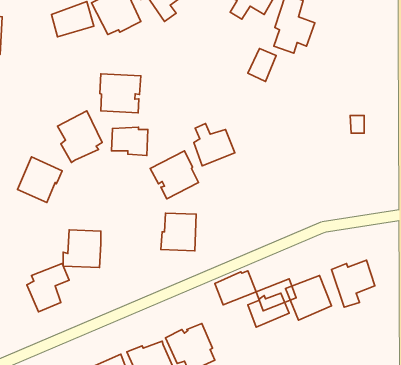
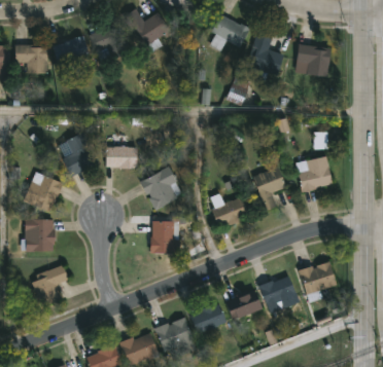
building: none -> [295,43,330,76]
building: none -> [14,45,48,73]
building: [100,74,141,113] -> none
building: [194,124,235,166] -> [210,193,246,230]
building: none -> [298,155,334,192]
building: none -> [251,167,286,215]
building: [63,230,101,267] -> [22,218,55,251]
building: [215,271,256,305] -> [190,303,227,333]

